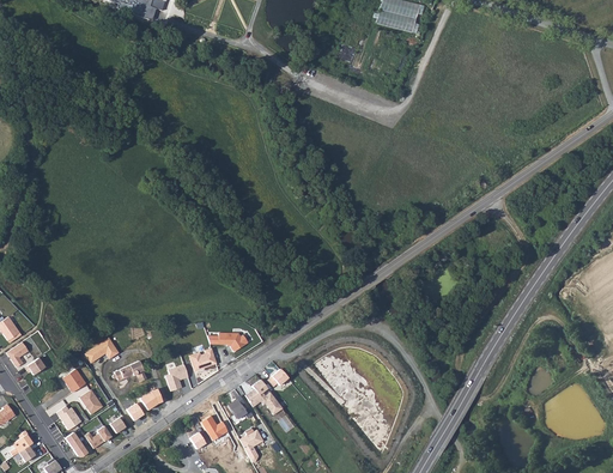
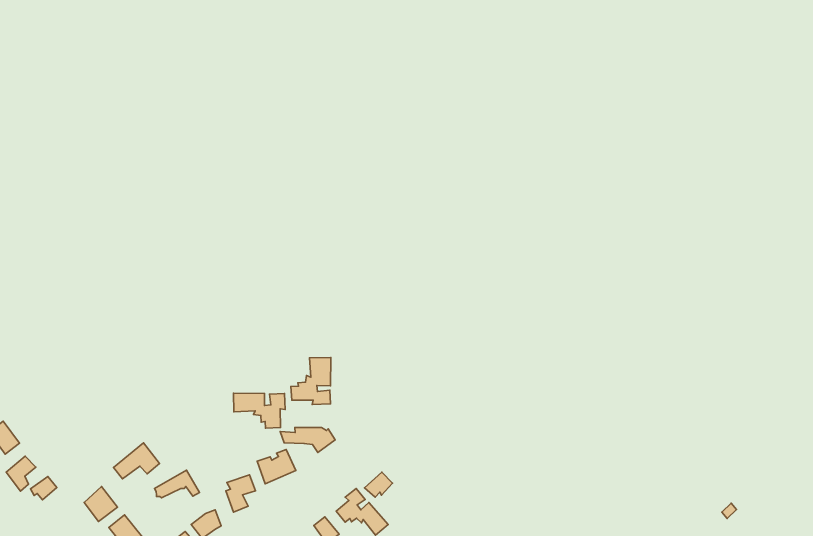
building: none -> [291,358,331,404]
building: none -> [233,393,285,428]

